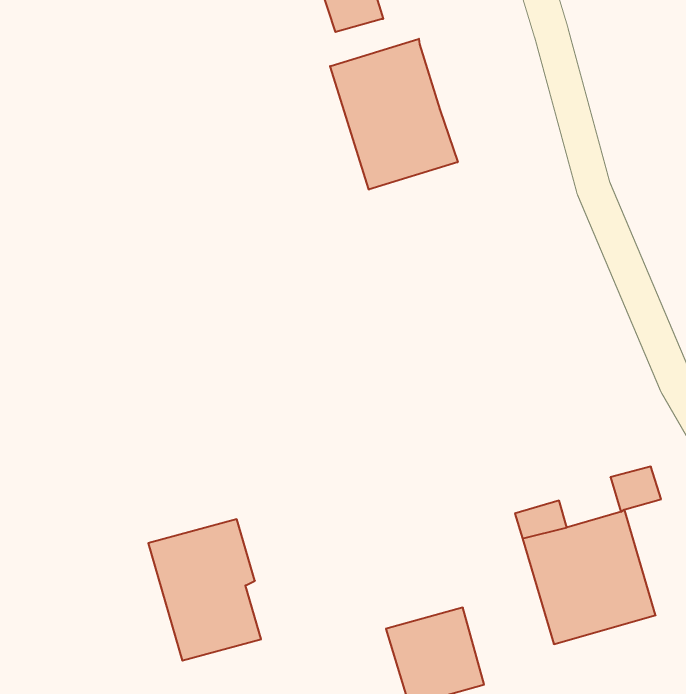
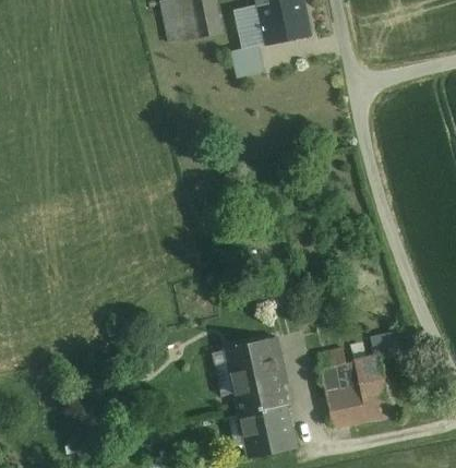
building: [330,39,458,190] -> none
building: [148,519,261,661] -> [226,335,285,411]

